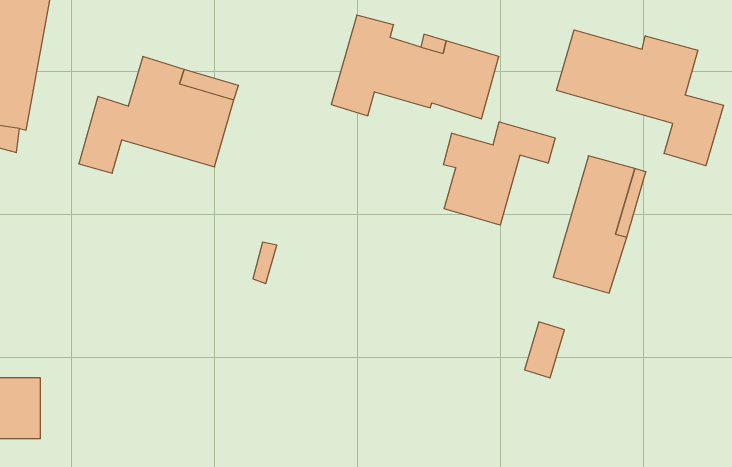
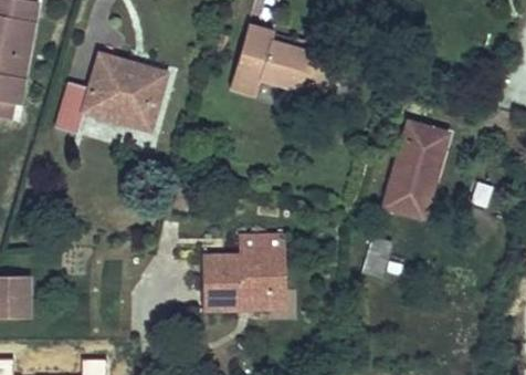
building: [557,30,723,166] -> none
building: [443,122,555,225] -> none
building: none -> [202,236,286,310]

